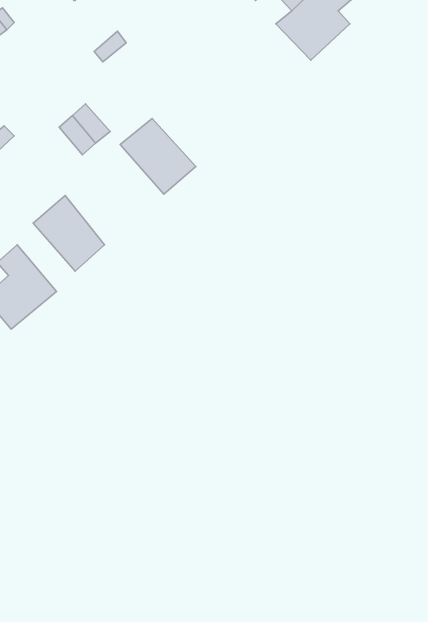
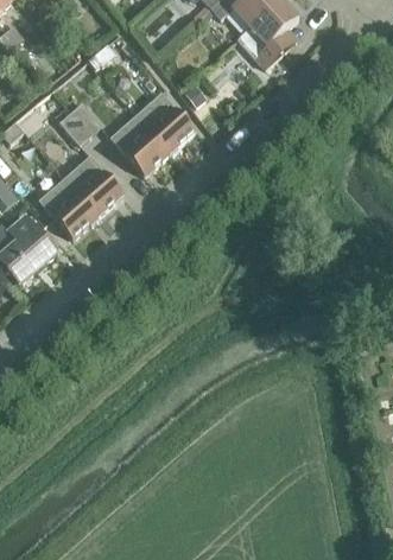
building: none -> [134,90,195,152]
building: none -> [63,153,122,216]

